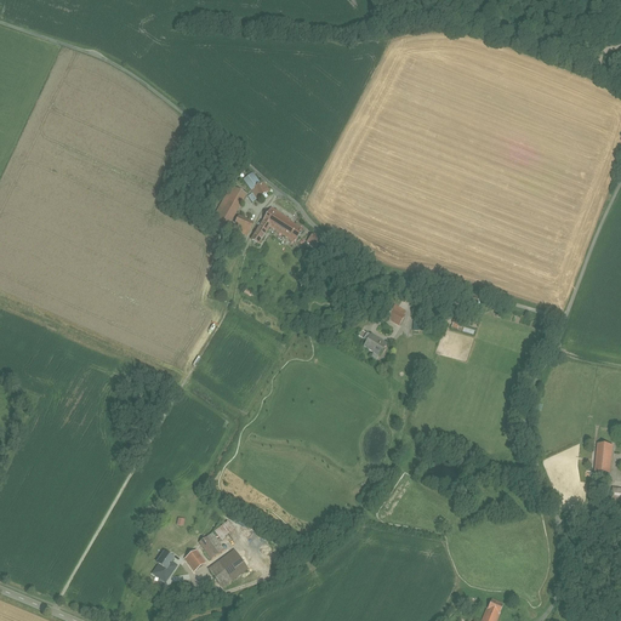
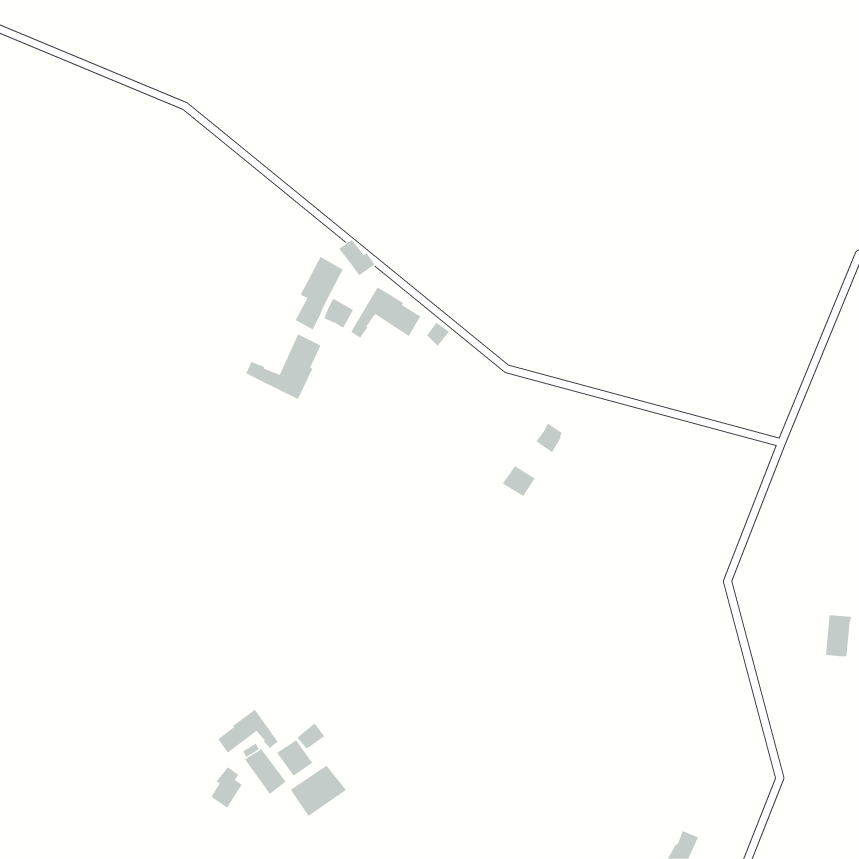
building: none -> [246,333,321,400]
building: none -> [218,709,278,754]

